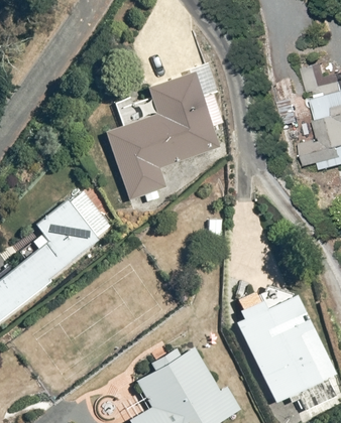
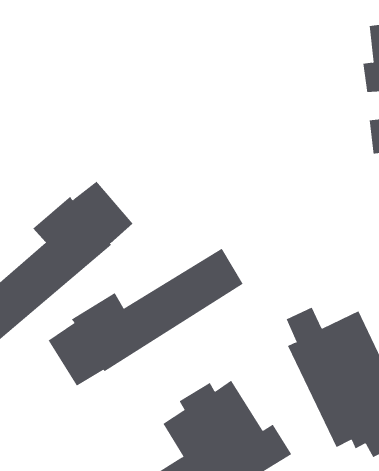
building: [108,67,219,199] -> none
building: none -> [48,248,244,387]

